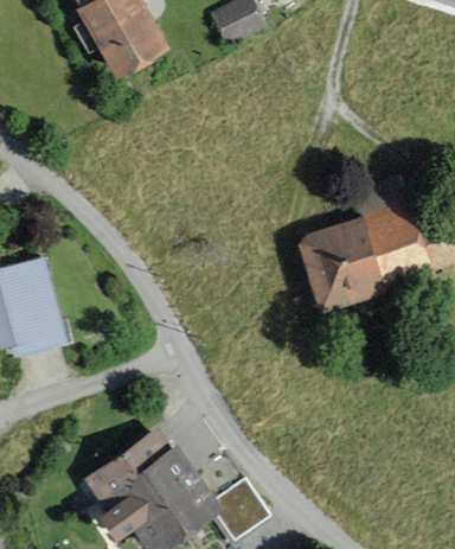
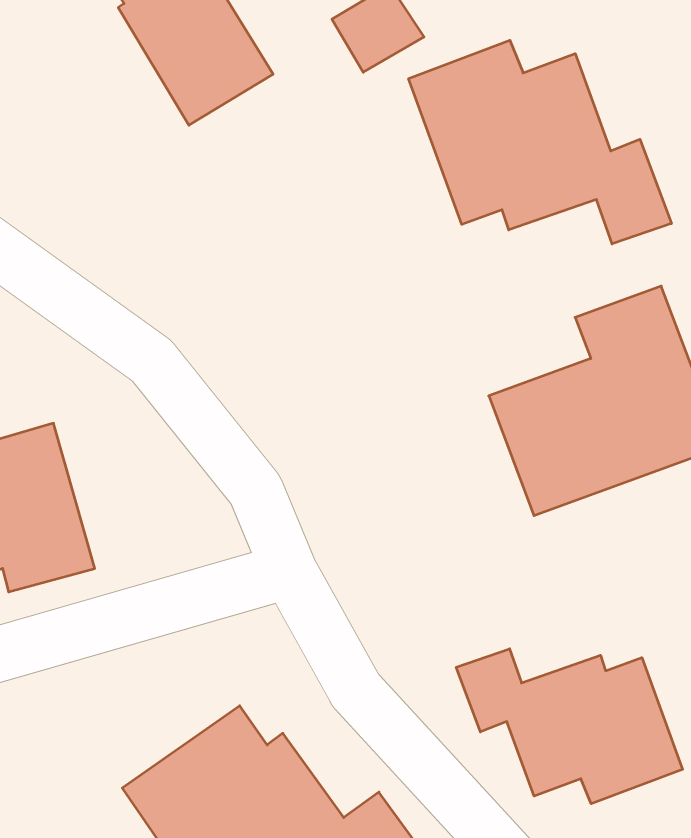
building: none -> [409,40,671,244]
building: none -> [456,649,683,804]

